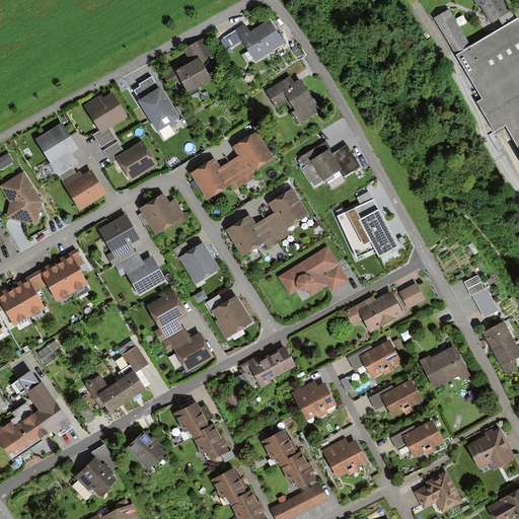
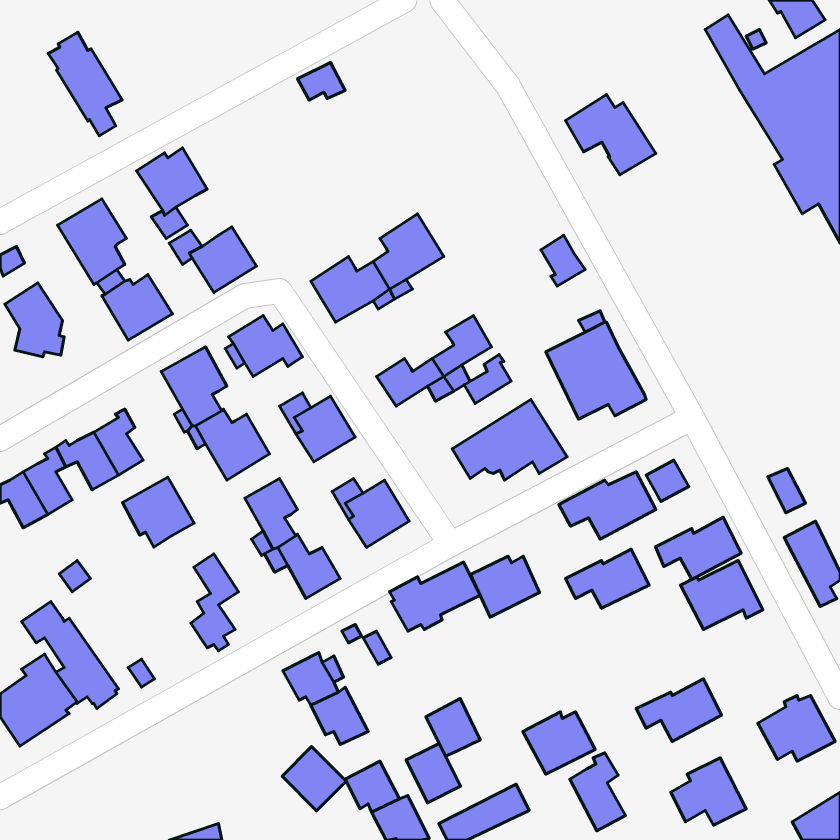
building: [220,20,285,63] -> none
building: [175,57,212,93] -> none
building: [266,74,321,124] -> [566,94,656,175]
building: [134,77,179,141] -> [48,32,122,136]
building: [299,141,343,187] -> none
building: none -> [464,355,511,404]
building: none -> [123,477,194,547]
building: [87,377,128,411] -> none
building: [370,378,423,417] -> [656,517,741,580]
building: [293,382,336,420] -> [470,556,539,617]
building: [128,432,167,471] -> [282,747,346,811]
building: [282,453,315,490] -> [406,744,461,803]
building: [78,458,119,499] -> none
building: none -> [570,753,625,831]

